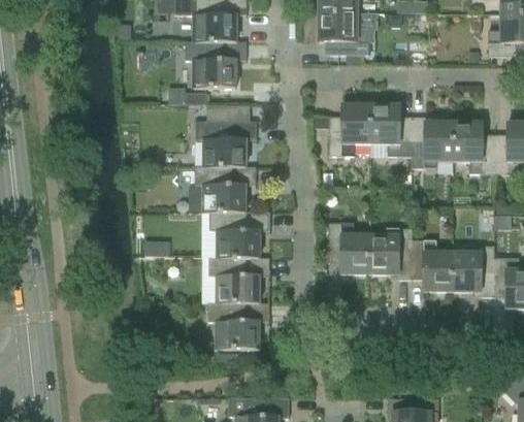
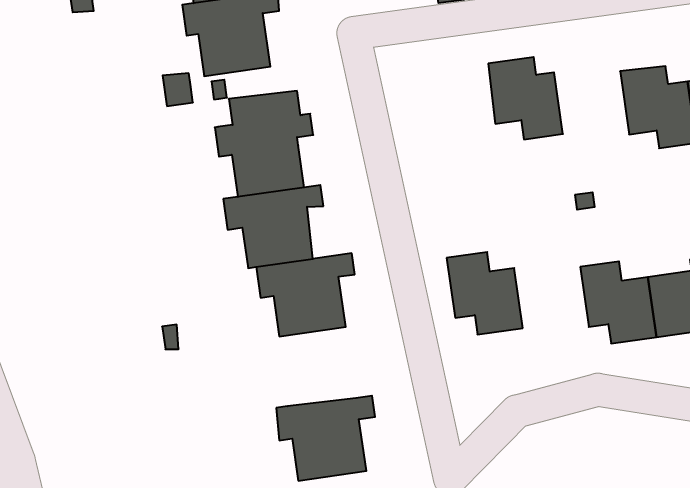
building: [329,104,371,156] -> none
building: [412,117,453,167] -> none
building: [369,228,412,279] -> none
building: [208,257,269,302] -> none

